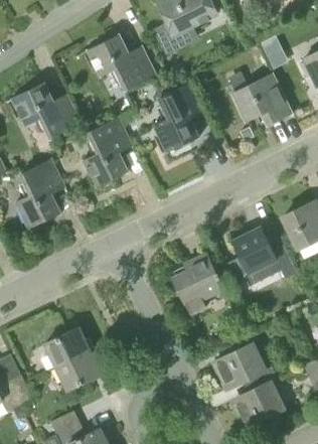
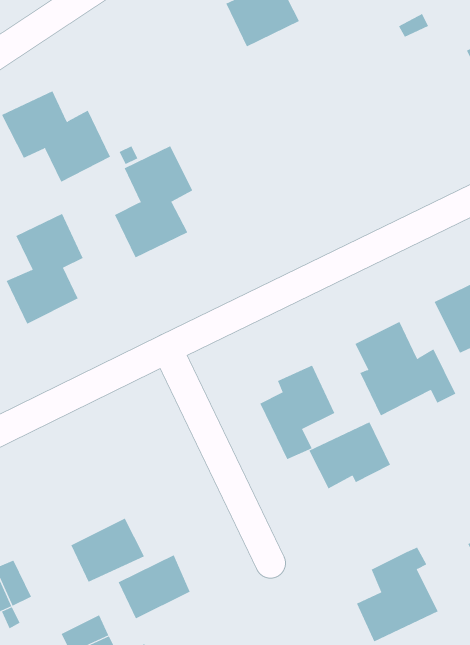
building: [87,34,155,90] -> none
building: [232,73,291,125] -> none
building: [153,82,202,152] -> none
building: [44,326,90,366] -> [118,555,190,619]
building: [213,343,265,386] -> [309,421,391,489]

